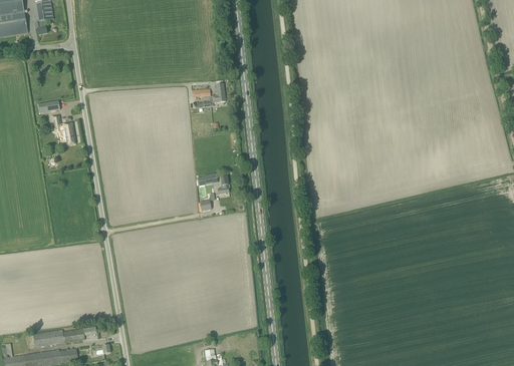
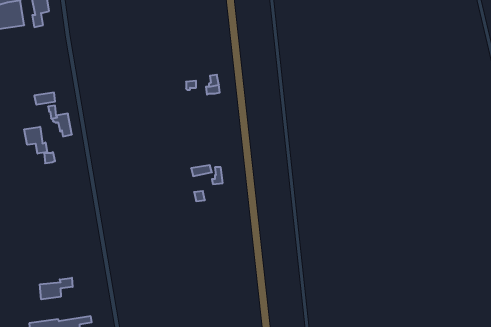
building: none -> [24,127,47,154]
building: none -> [40,278,73,299]

